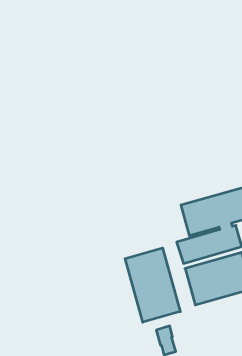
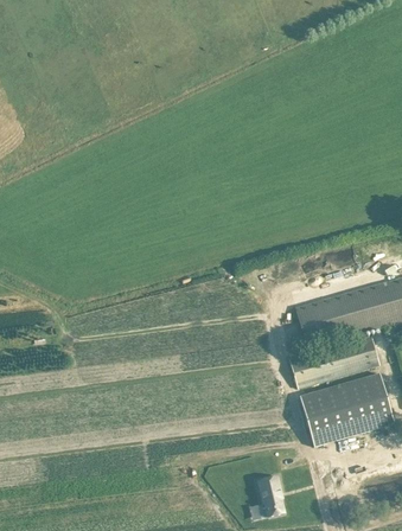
building: [125,248,180,322] -> none

